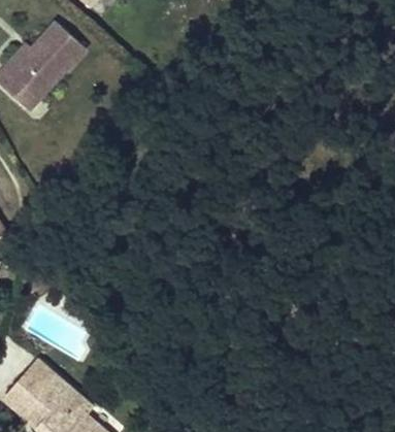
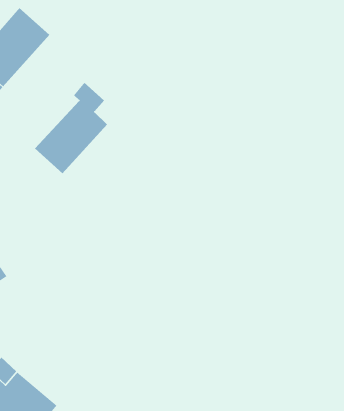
building: none -> [34,82,108,174]

